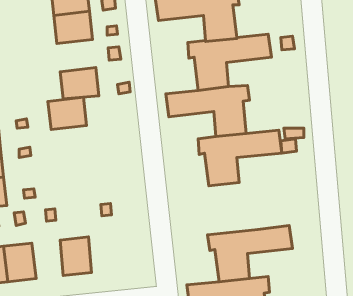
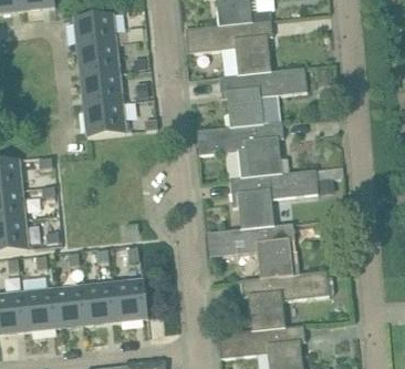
building: [48,97,87,130] -> [81,72,122,106]
building: none -> [207,222,294,277]
building: none -> [114,278,147,319]
building: none -> [54,285,87,326]

